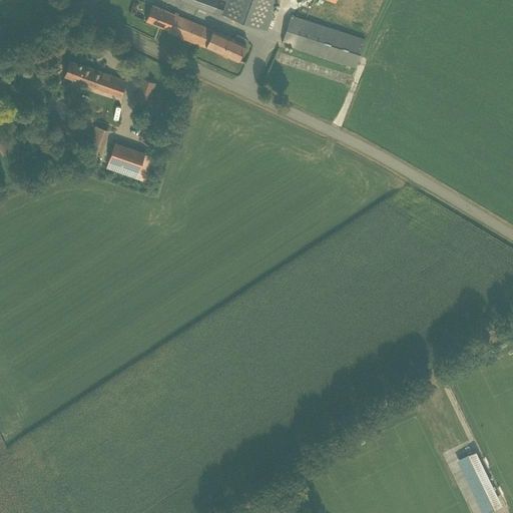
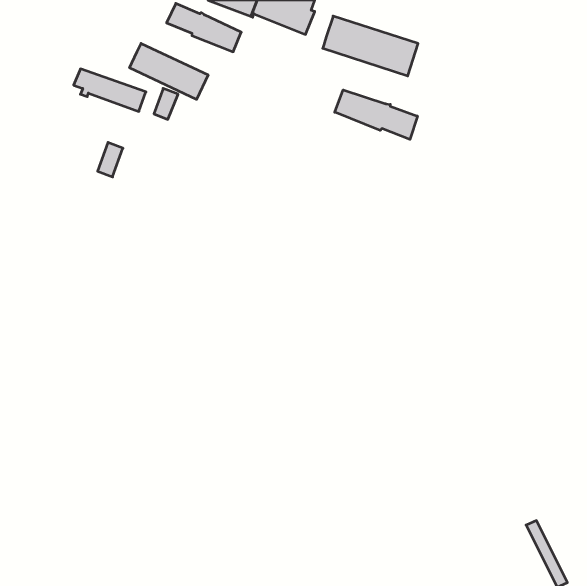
building: [203,29,246,61] -> none
building: none -> [130,43,208,99]
building: none -> [335,90,417,139]
building: [108,142,145,171] -> none

